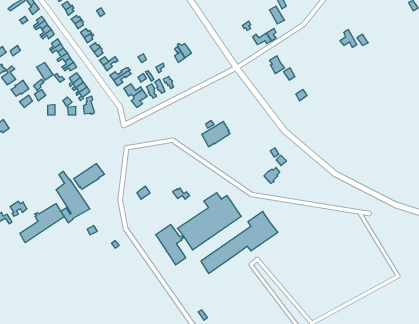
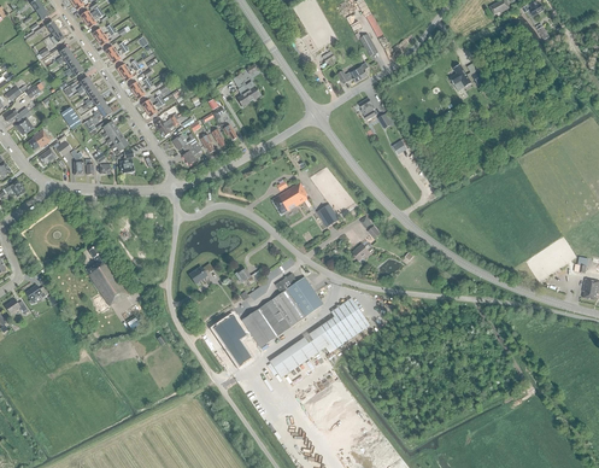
building: [74,164,104,189] -> none
building: [20,204,64,243] -> none

